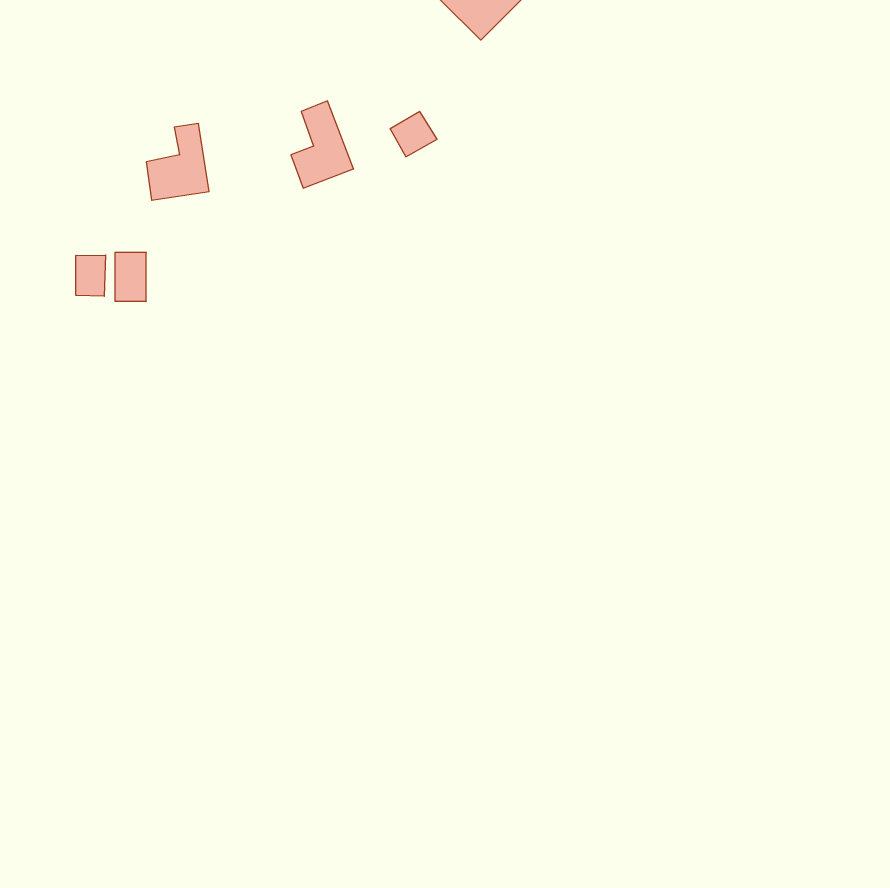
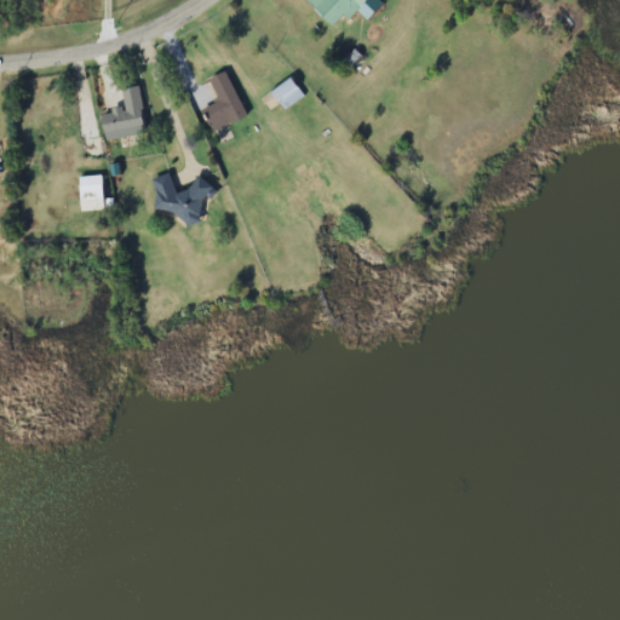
building: none -> [153,174,214,224]
building: [76,255,106,296] -> none

